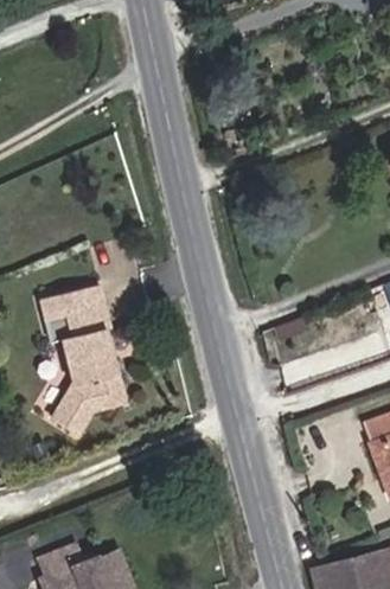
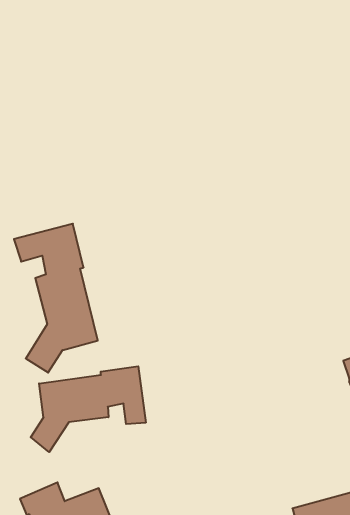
building: none -> [31,366,146,452]

